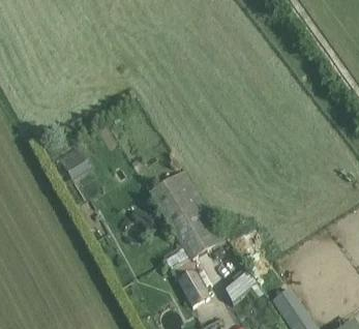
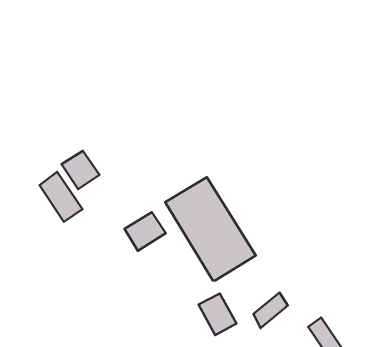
building: none -> [39,172,83,222]
building: none -> [124,212,166,251]

